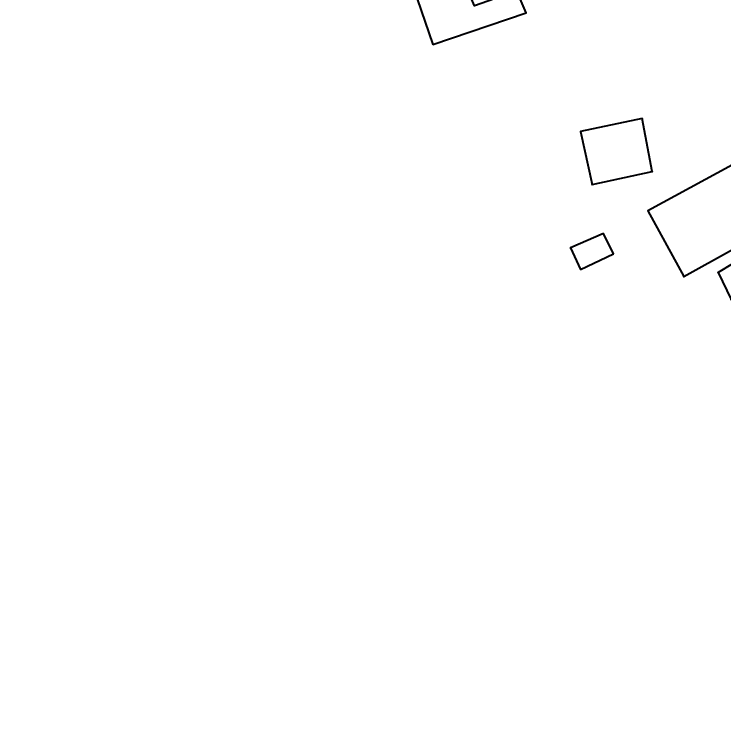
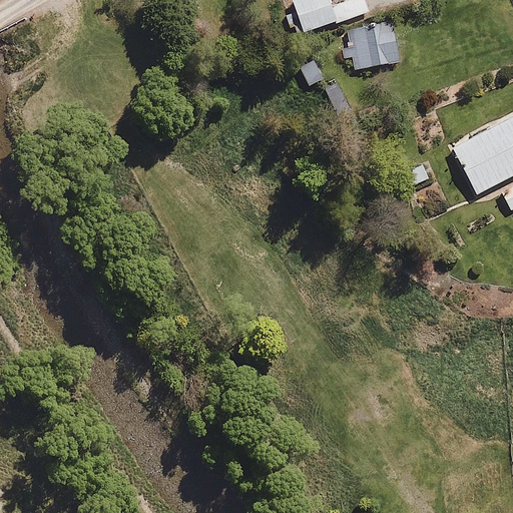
building: [581,119,652,185] -> [349,22,399,68]

